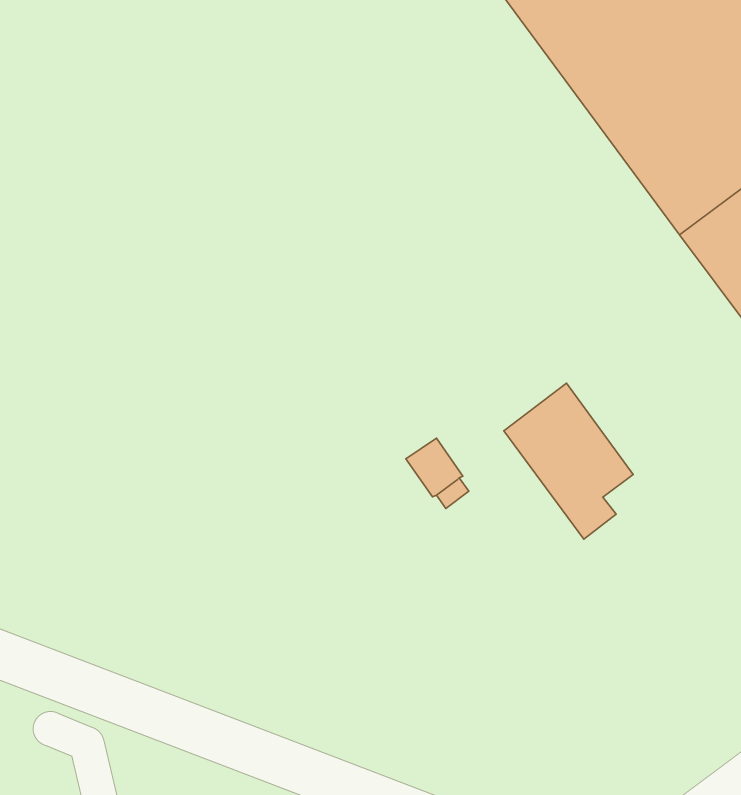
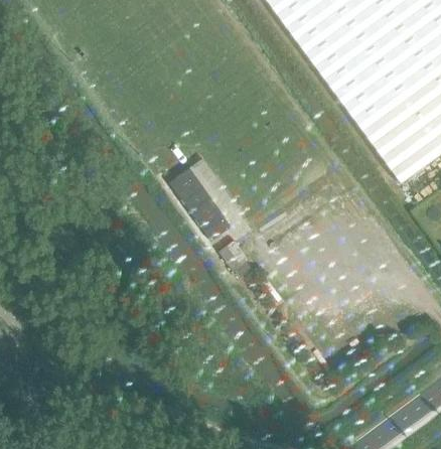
building: [504,383,633,539] -> [169,159,238,242]

